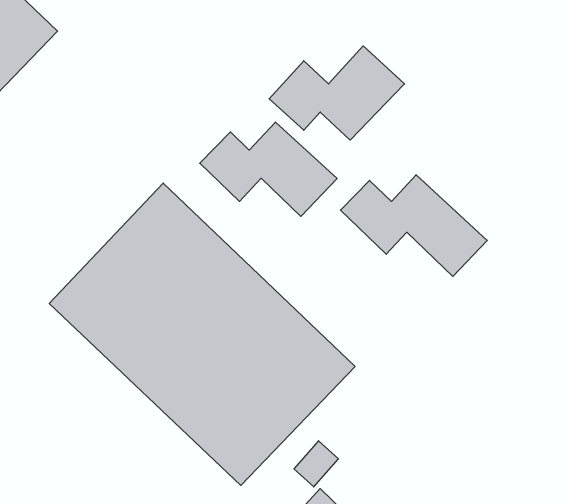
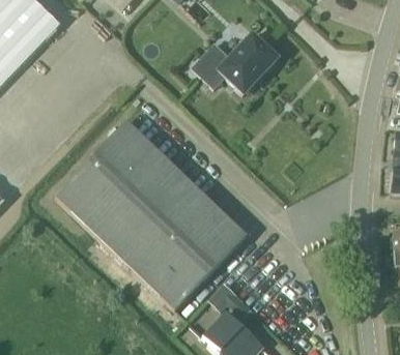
building: [200,122,337,216] -> none
building: [340,175,487,276] -> none

